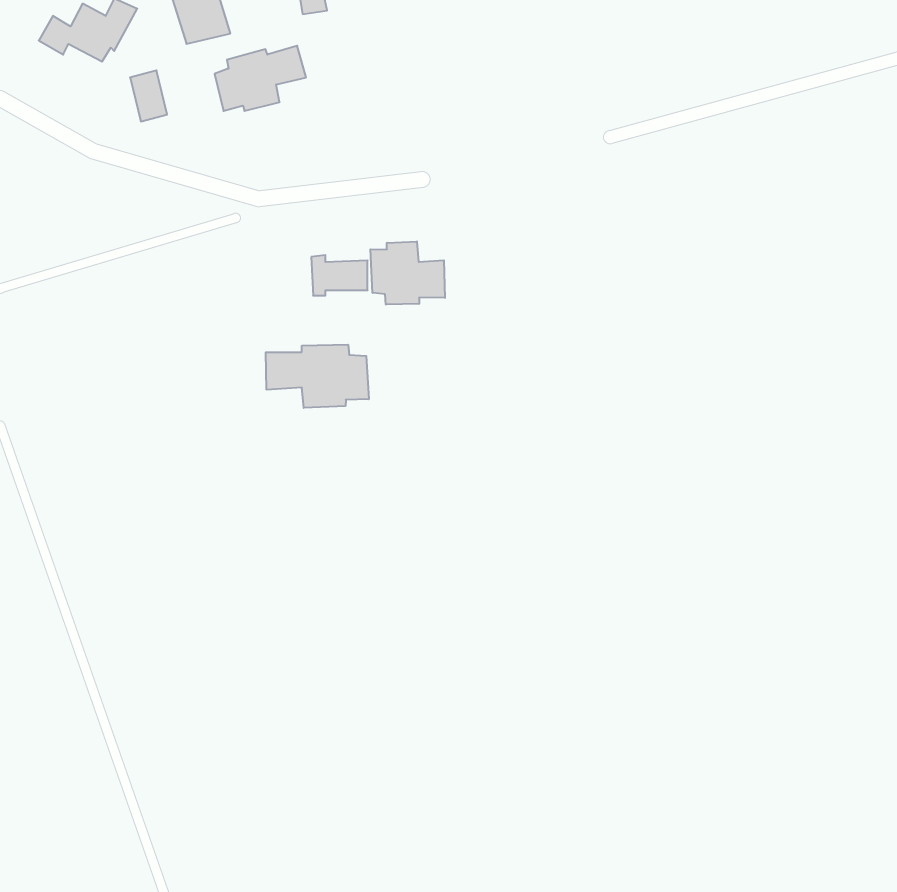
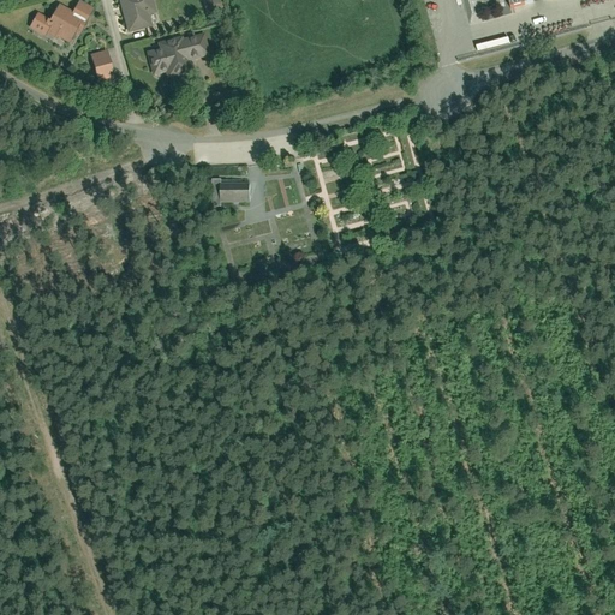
building: [370,241,445,305] -> none
building: [266,345,369,408] -> none

